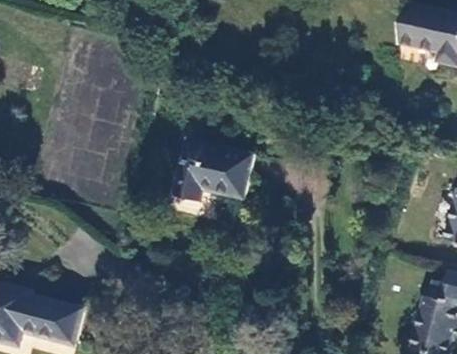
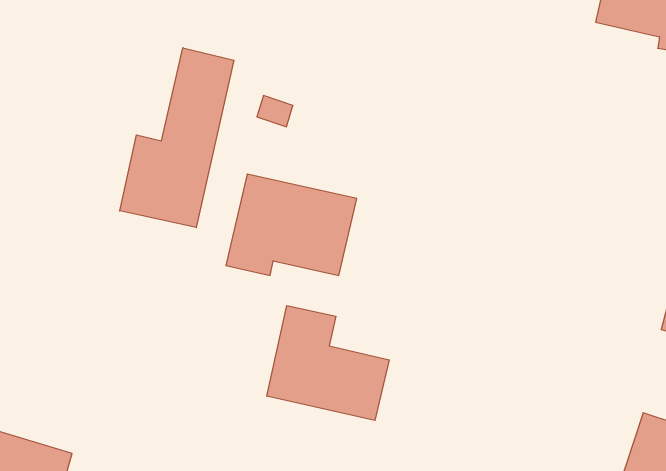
building: none -> [120,48,234,228]
building: none -> [267,306,389,420]

